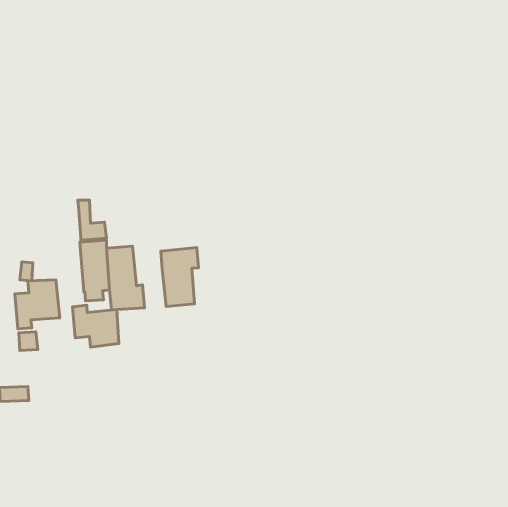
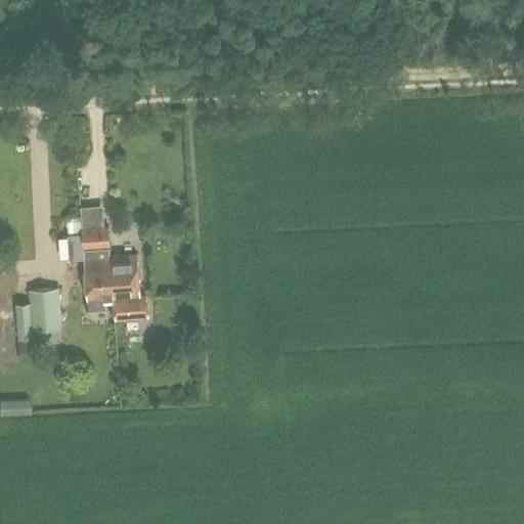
building: [161,247,199,306] -> none
building: [72,305,119,347] -> none

